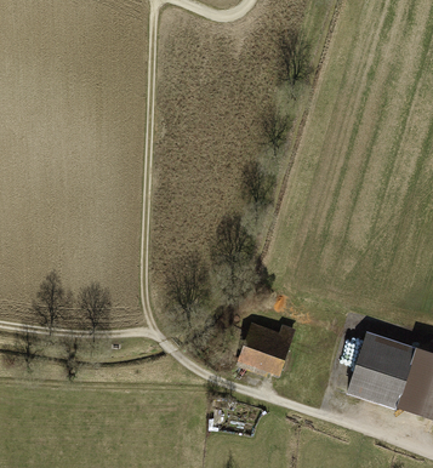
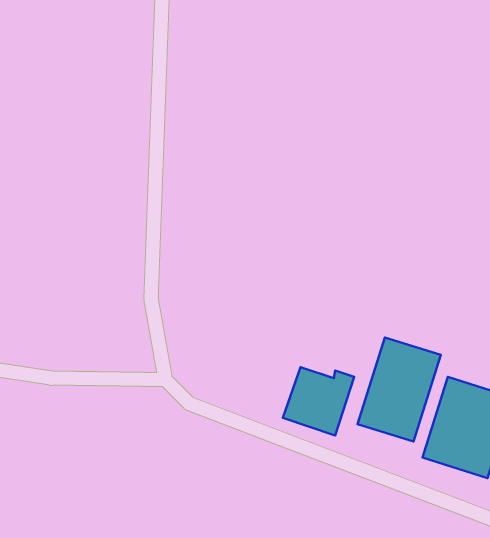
building: none -> [357,337,441,442]

